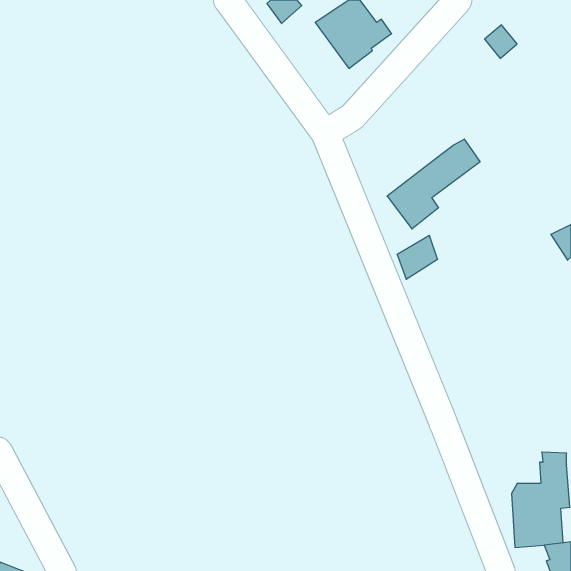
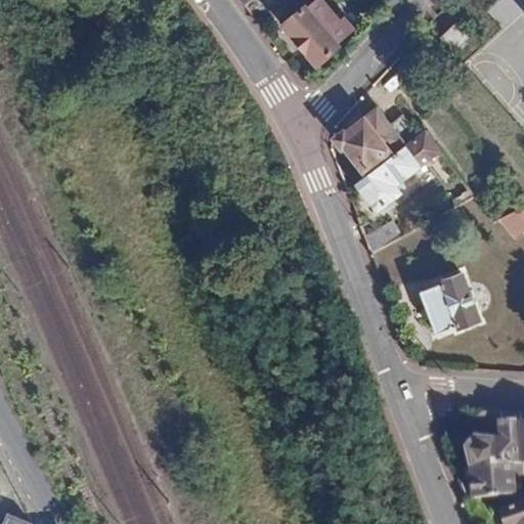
building: none -> [336,106,414,169]
building: none -> [420,271,479,333]

